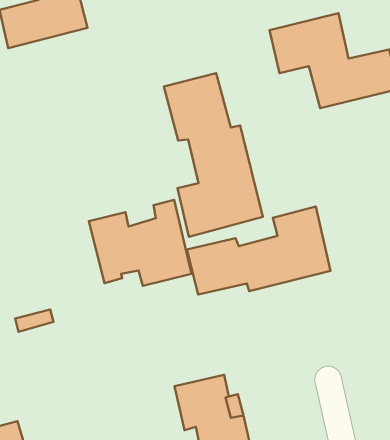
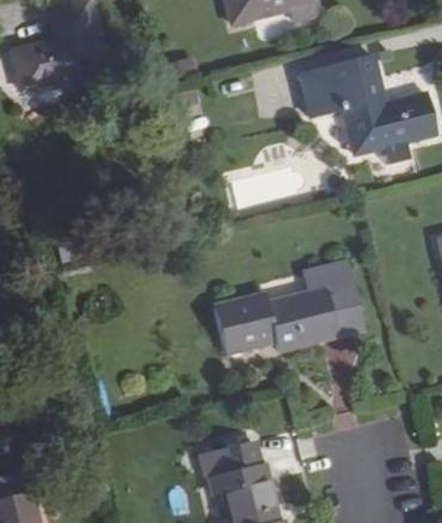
building: [164,73,263,237] -> none
building: [89,200,192,286] -> none

